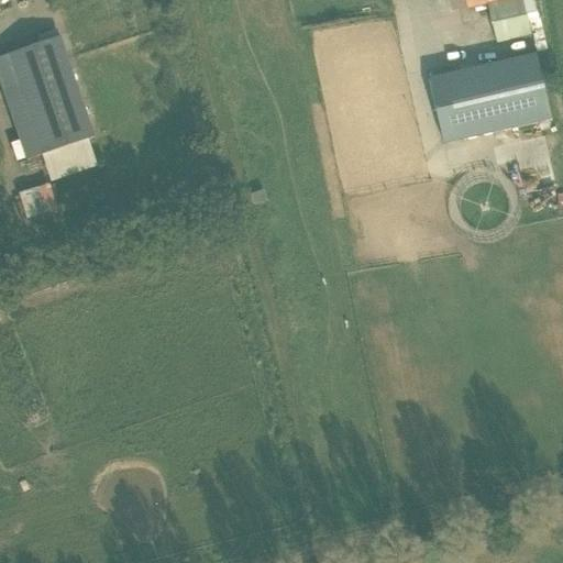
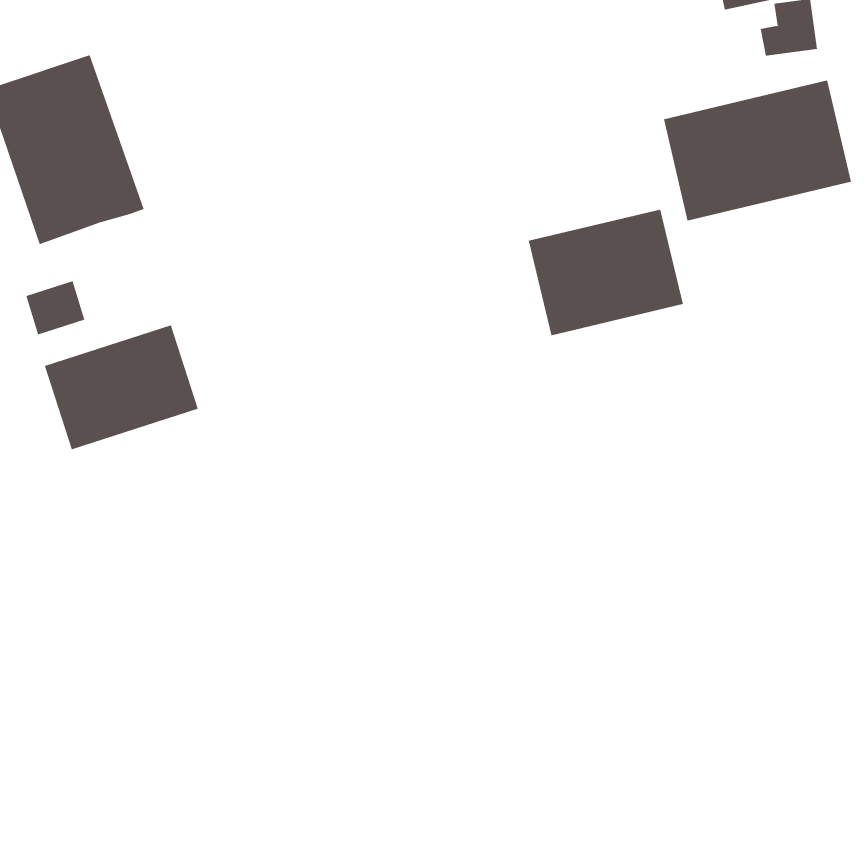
building: none -> [528,209,684,336]
building: none -> [44,325,199,450]

